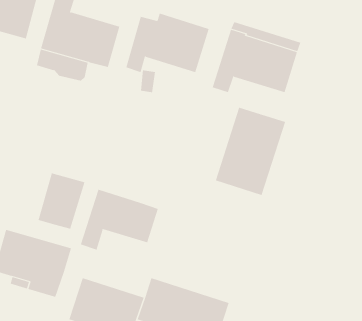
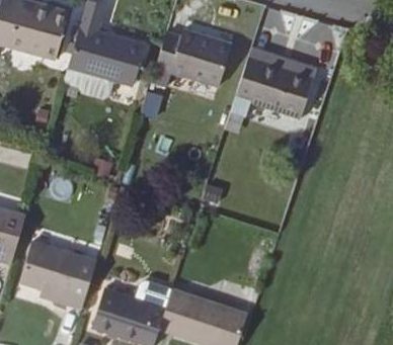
building: [215,107,286,196] -> none
building: [38,172,85,230] -> none
building: [80,189,159,250] -> none

